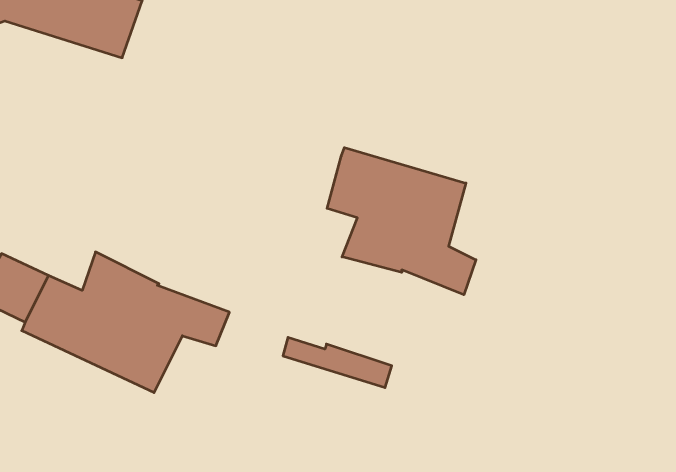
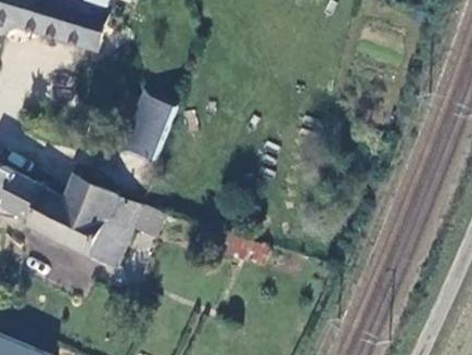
building: none -> [120,94,174,161]
building: [327,148,476,295] -> none

